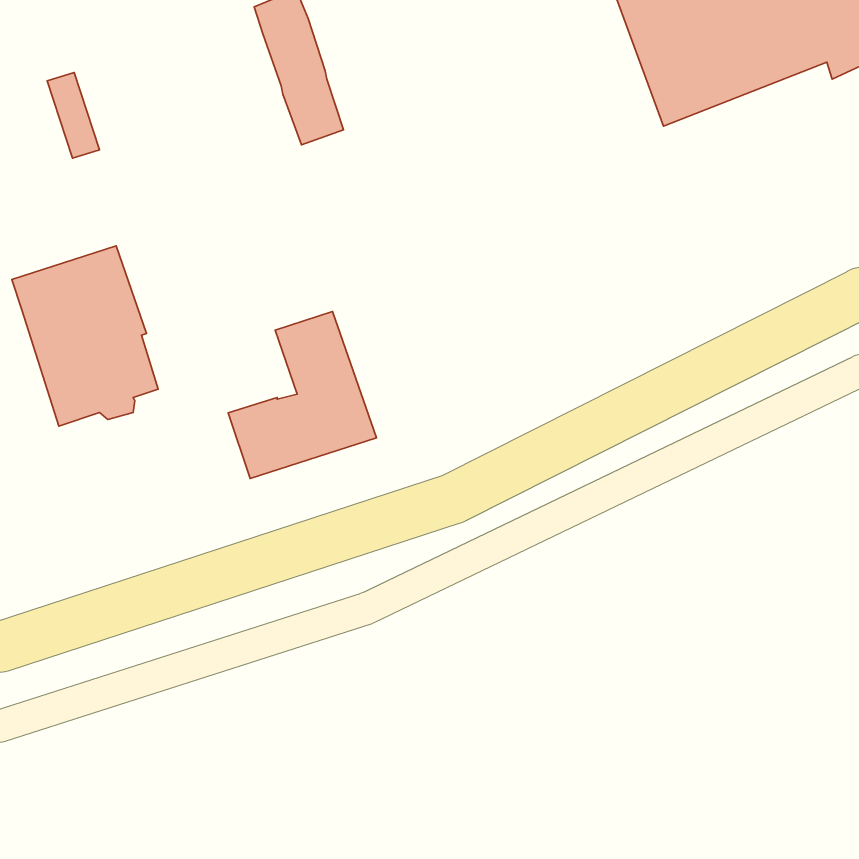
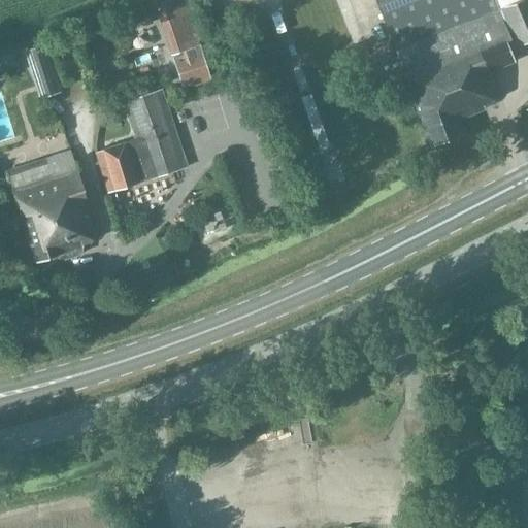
building: none -> [407,38,516,144]
building: [228,312,376,478] -> [97,89,188,191]

